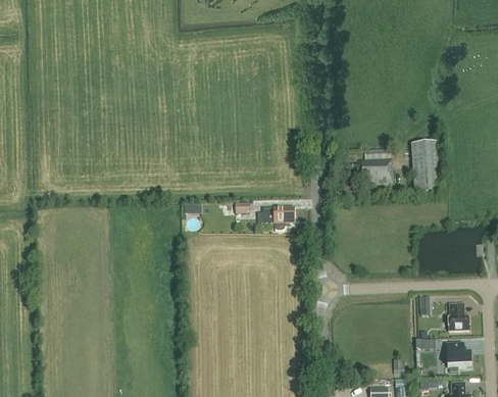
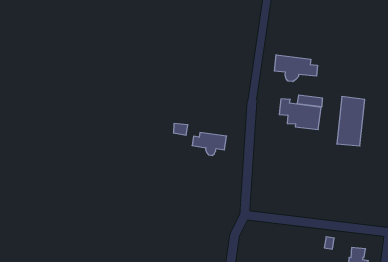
building: none -> [275,55,317,82]

